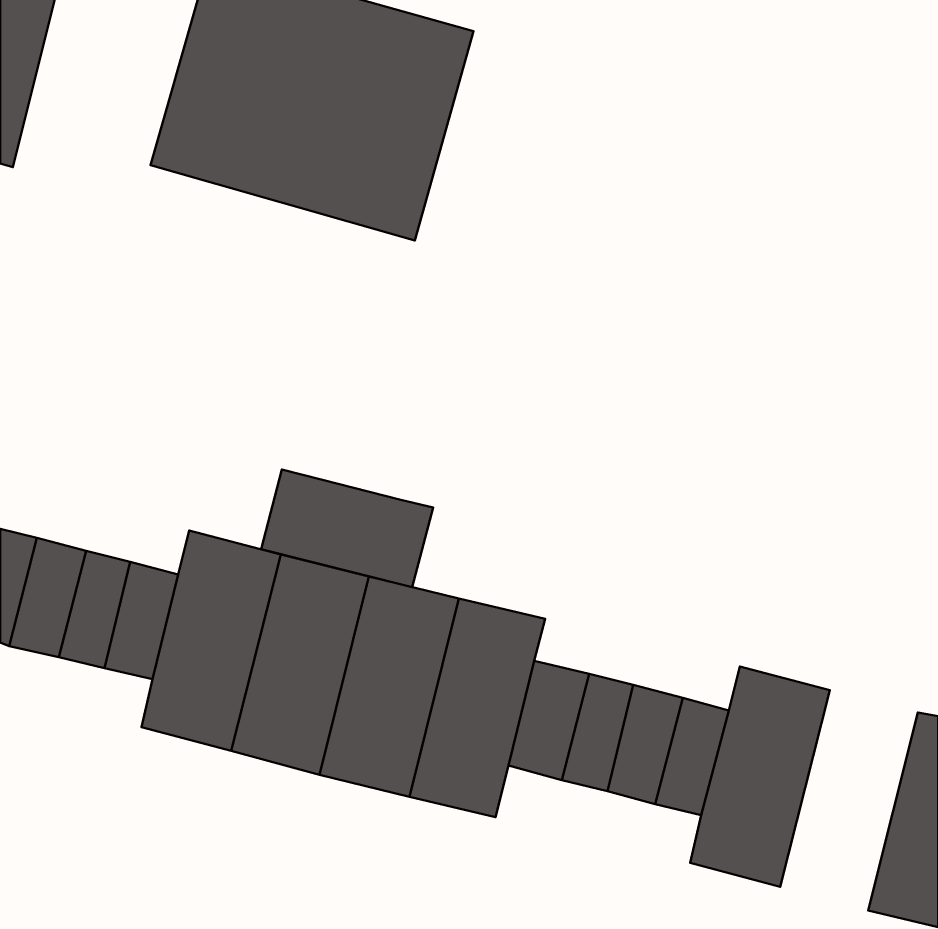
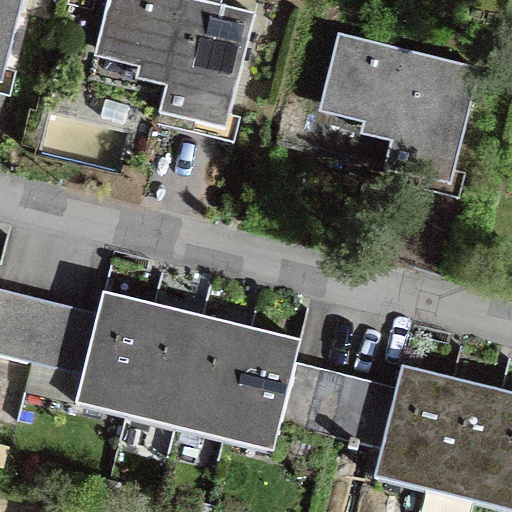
building: none -> [309,36,479,184]
building: [261,470,433,587] -> none
building: none -> [425,376,500,496]

